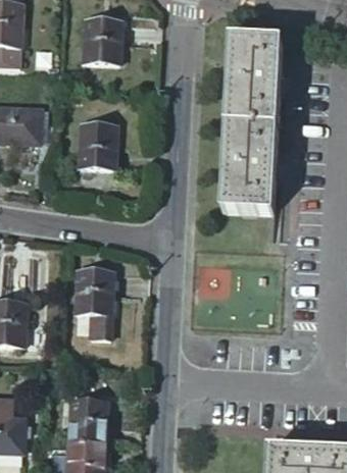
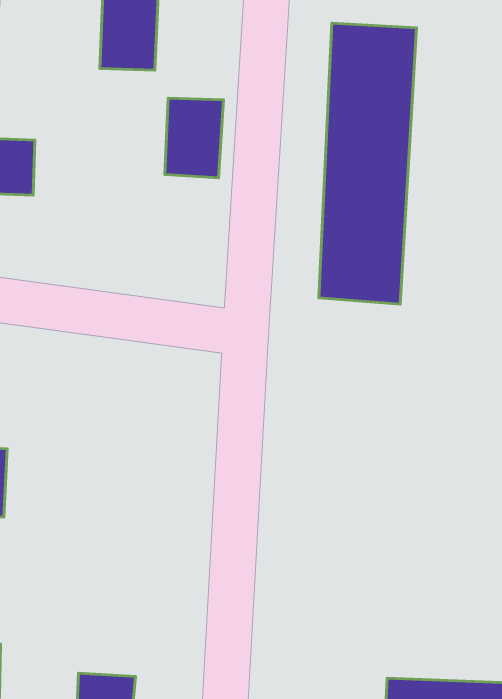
building: [80,110,116,160] -> [165,98,223,178]
building: [77,270,115,338] -> none
building: [70,400,108,445] -> none

